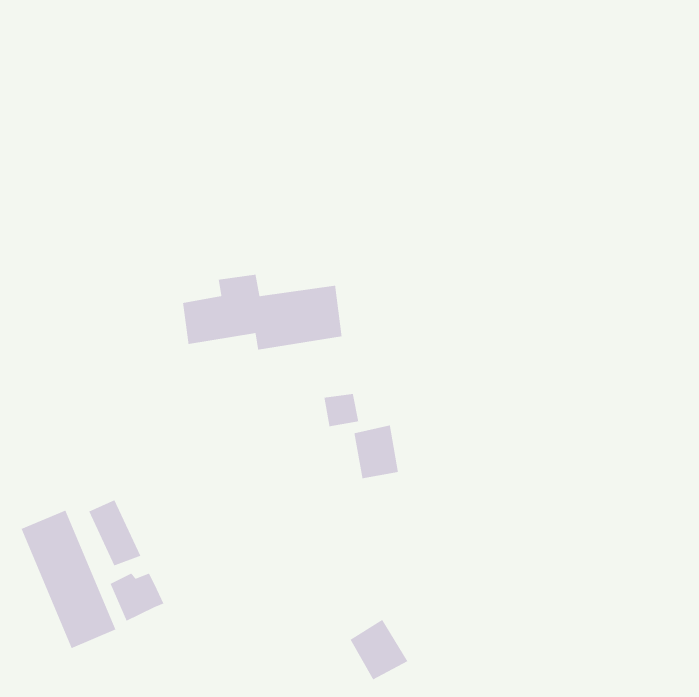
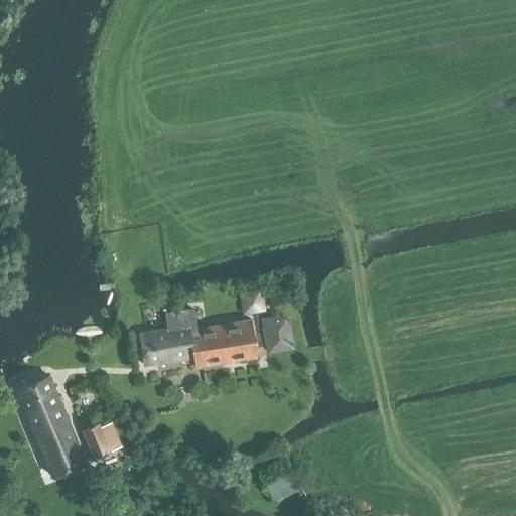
building: [182,274,343,350] -> [139,312,257,369]
building: [88,499,141,567] -> none

